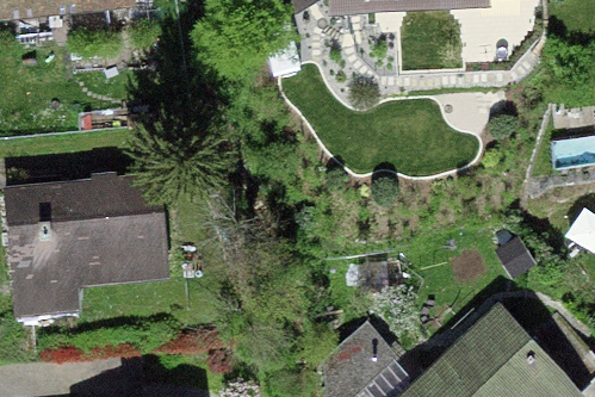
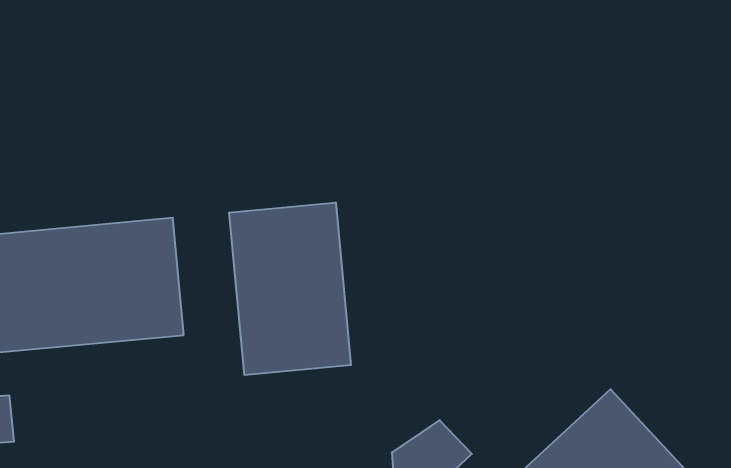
building: none -> [229,202,351,375]

